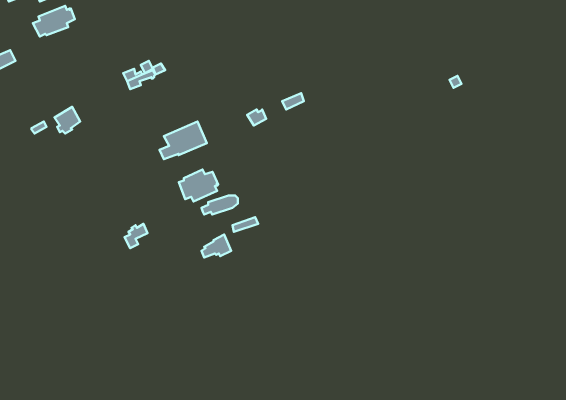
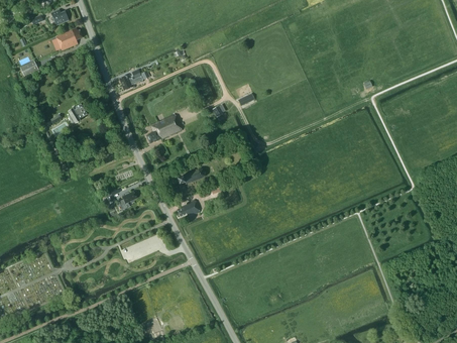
building: [179,169,218,201] -> none

